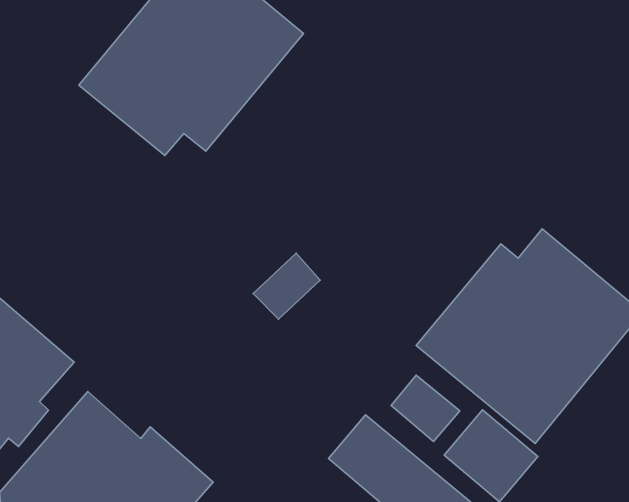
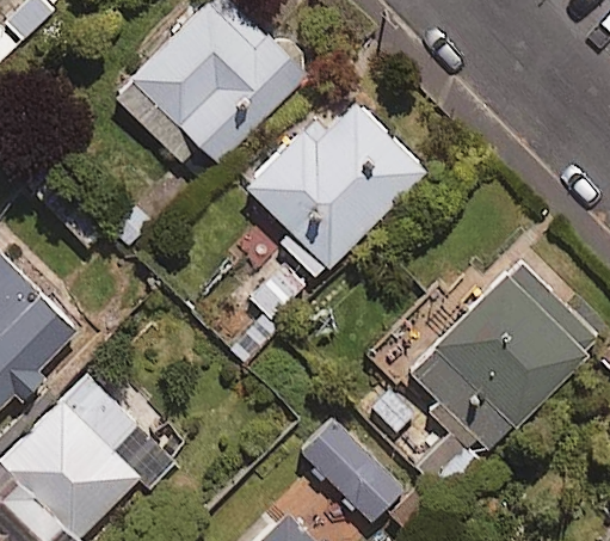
building: none -> [242,99,423,269]

